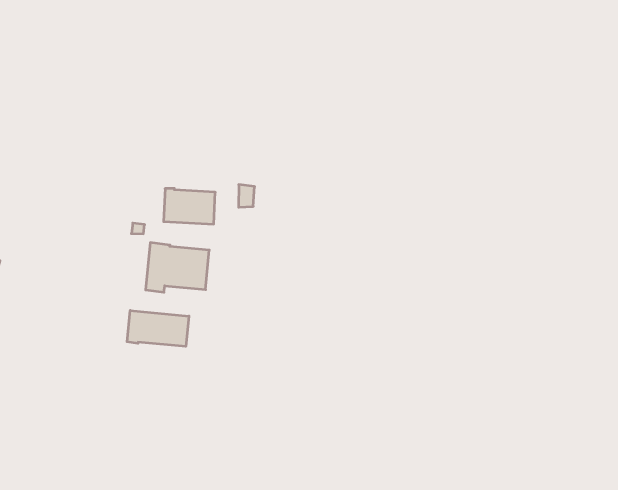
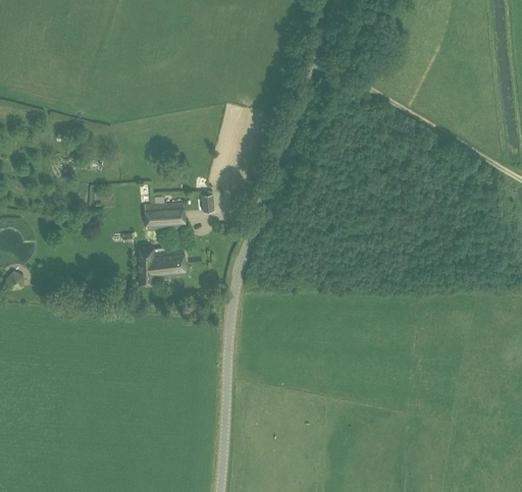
building: [127,310,189,346] -> none

